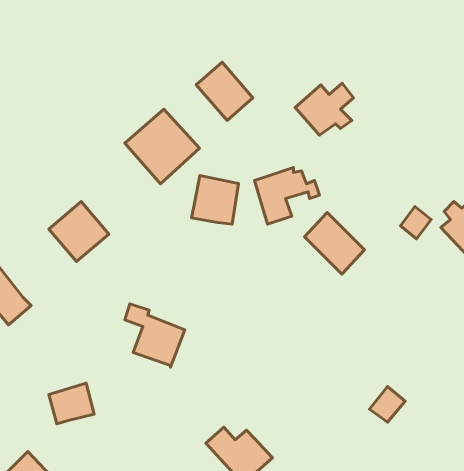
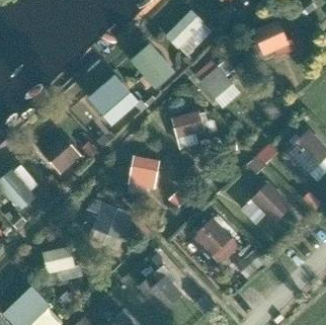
building: none -> [165,12,200,56]
building: none -> [251,21,296,56]
building: [192,176,239,224] -> [127,158,156,188]
building: [304,212,364,274] -> [253,182,291,221]
building: none -> [193,217,240,264]

